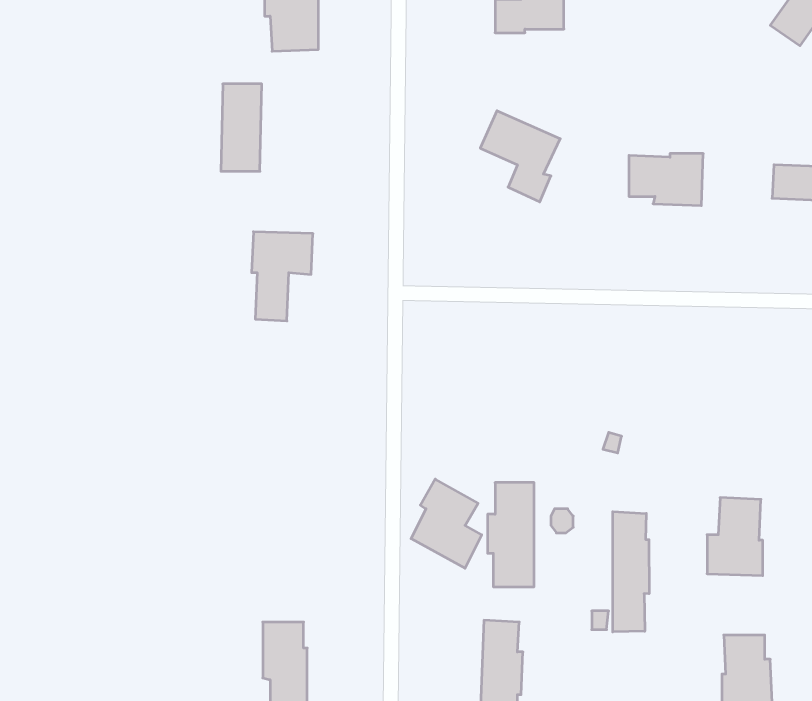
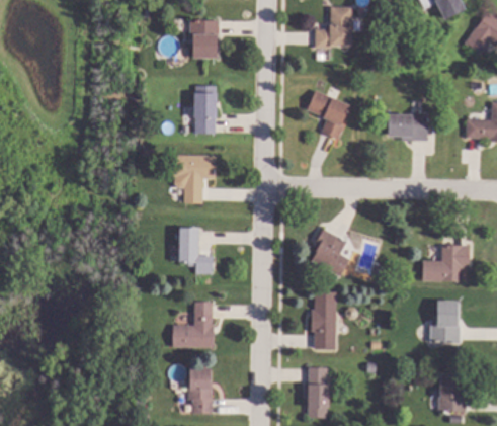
building: [221,84,262,171] -> [194,86,217,134]
building: none -> [179,229,213,275]
building: none -> [423,245,469,281]
building: [411,479,482,568] -> [311,229,349,277]
building: none -> [173,303,214,348]
building: [613,512,649,632] -> none

